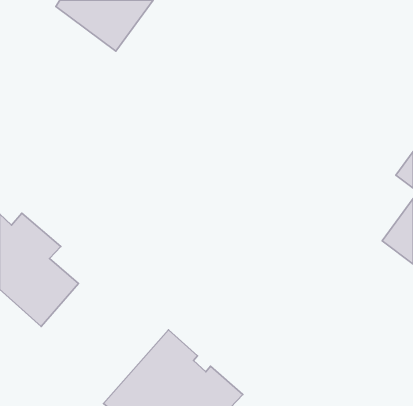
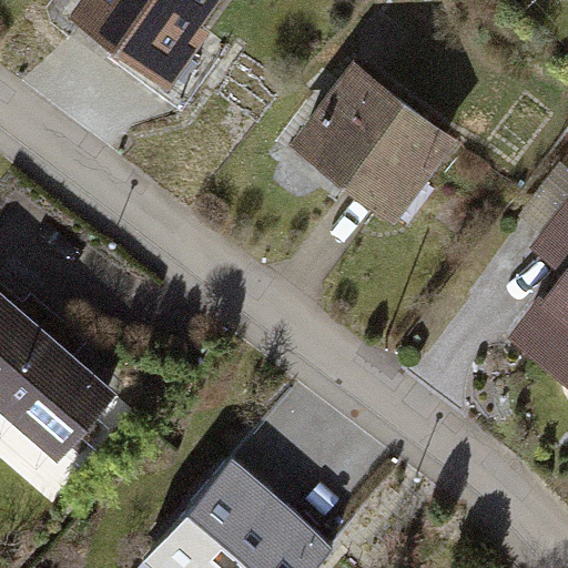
building: none -> [301,75,447,213]

